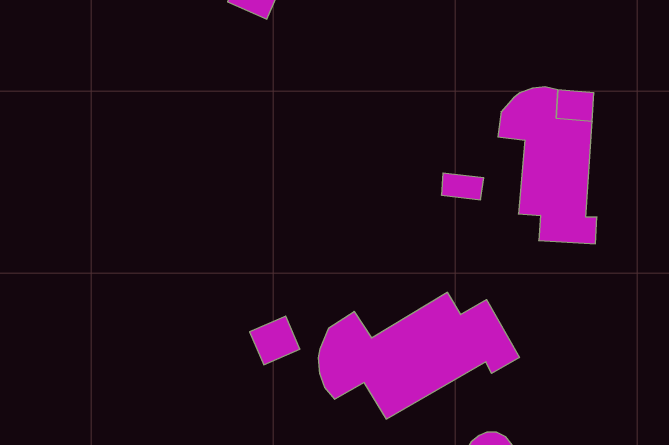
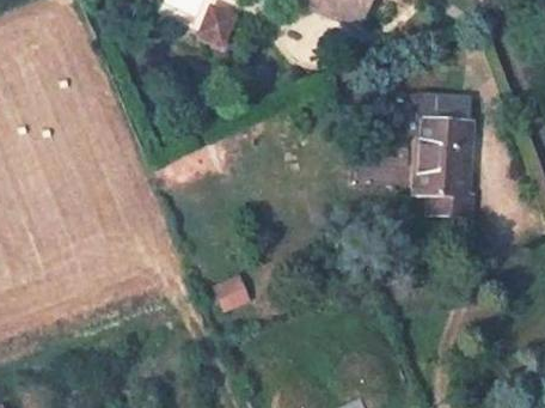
building: [318,292,519,419] -> none

